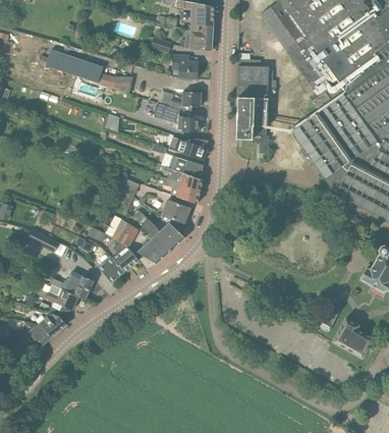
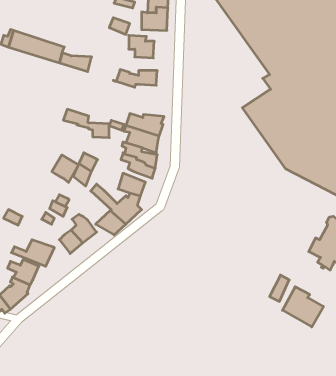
building: [235,58,276,153] -> none
building: [151,102,199,131] -> [63,109,109,138]
building: [111,219,138,248] -> [52,155,78,182]

